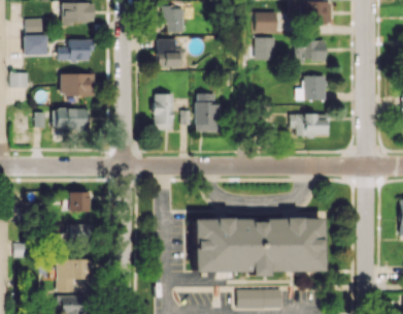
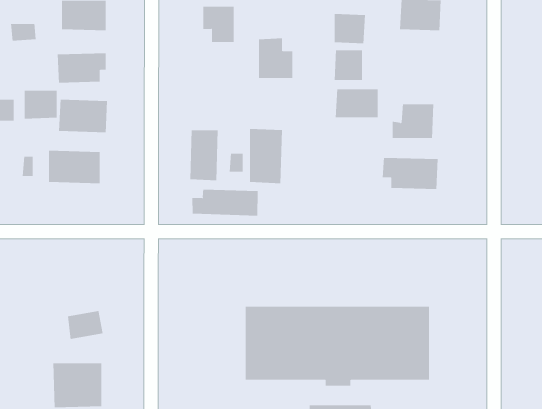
building: [24,35,47,56] -> [24,90,57,119]
building: [158,38,182,67] -> [258,38,293,78]
building: [294,40,325,61] -> [335,89,379,118]
building: none -> [192,189,258,216]
building: [68,191,90,212] -> none

